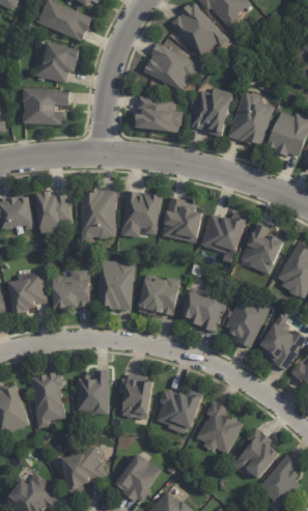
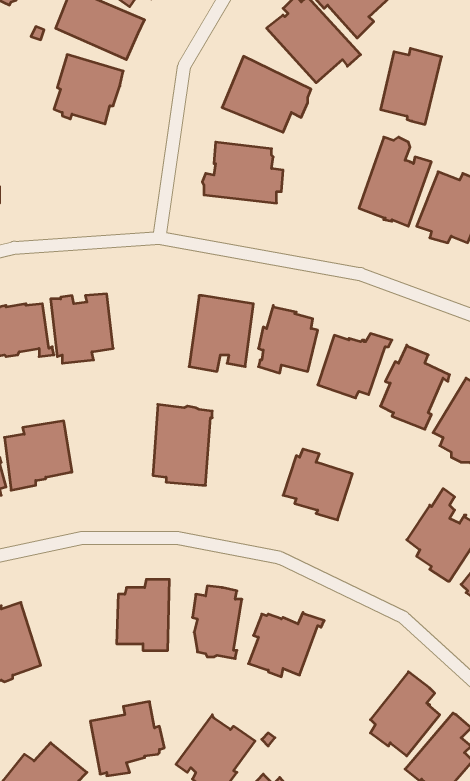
building: [22,87,69,125] -> none
building: [193,89,231,137] -> [381,48,442,124]
building: [81,190,116,240] -> none
building: [49,268,86,308] -> none
building: [135,276,179,315] -> none
building: [225,299,270,349] -> none
building: [30,371,64,428] -> none
building: [196,399,245,453] -> none

